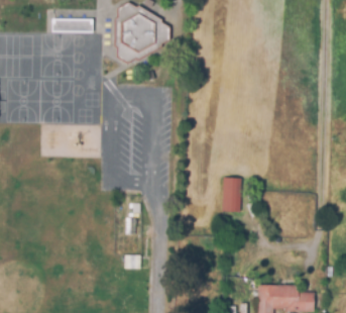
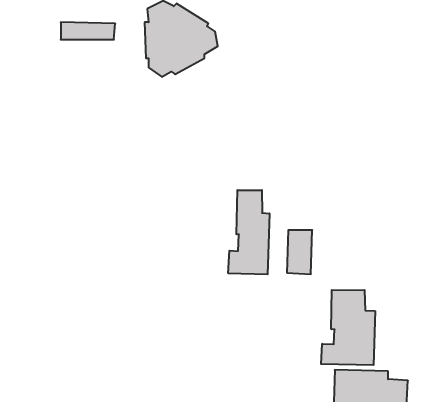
building: none -> [228,190,269,274]
building: none -> [321,290,375,365]

